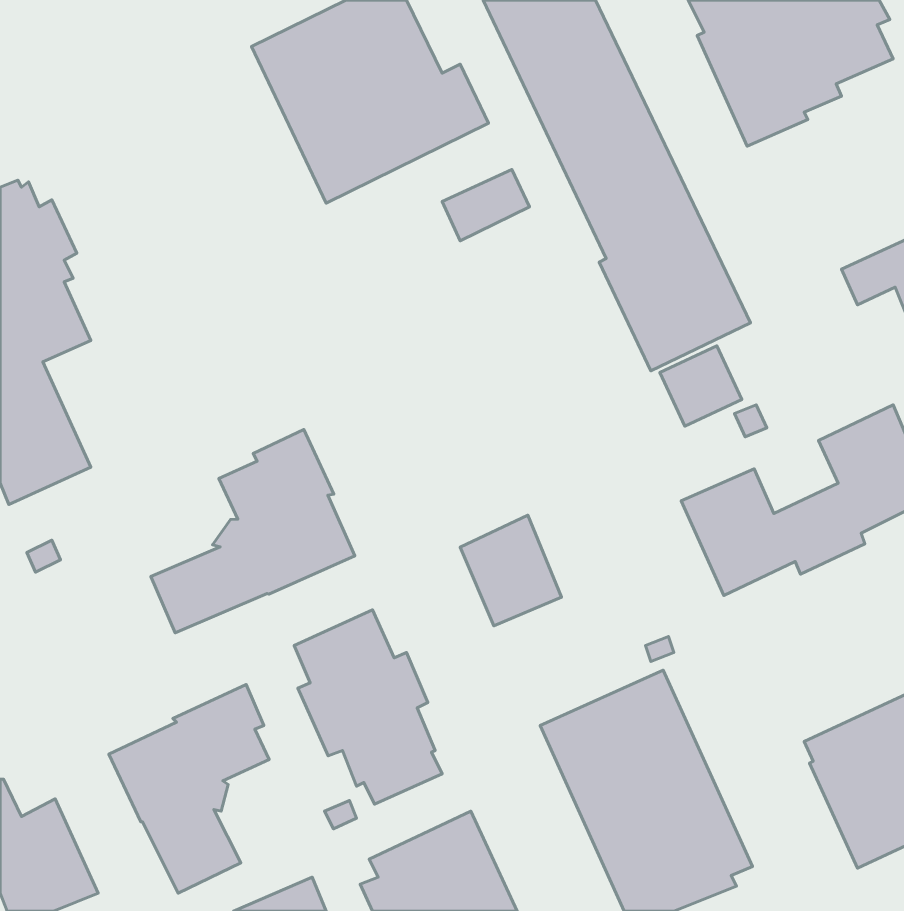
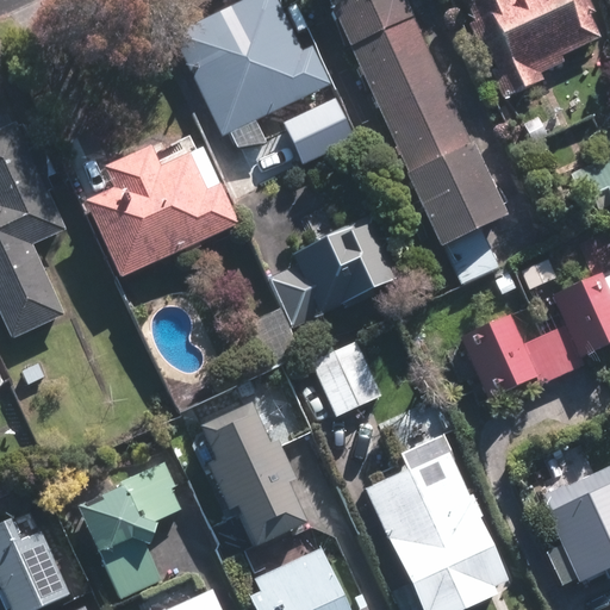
building: none -> [87,148,243,280]
building: none -> [272,213,404,324]
building: [151,430,355,633] -> none

